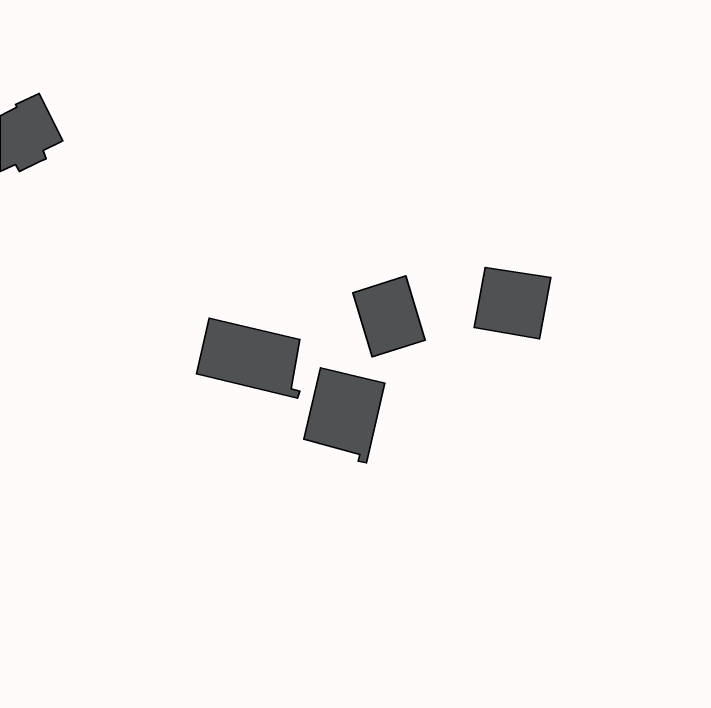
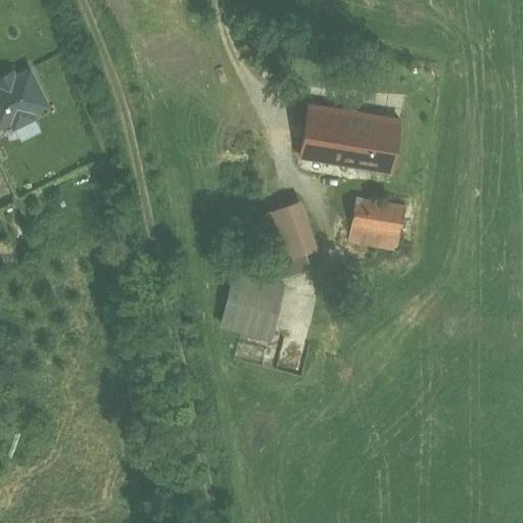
building: none -> [300,104,399,171]
building: [196,318,300,398] -> none

